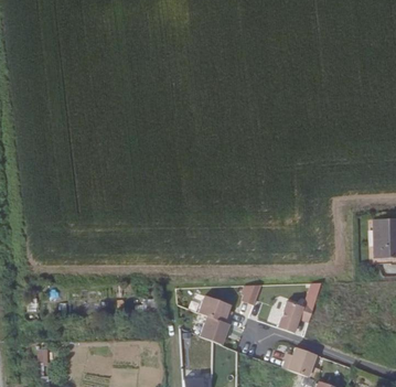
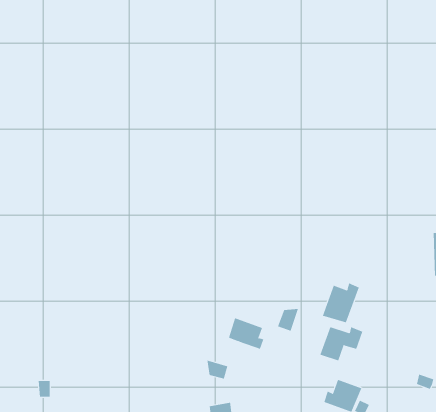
building: none -> [322,283,360,323]
building: [202,314,231,343] -> none

